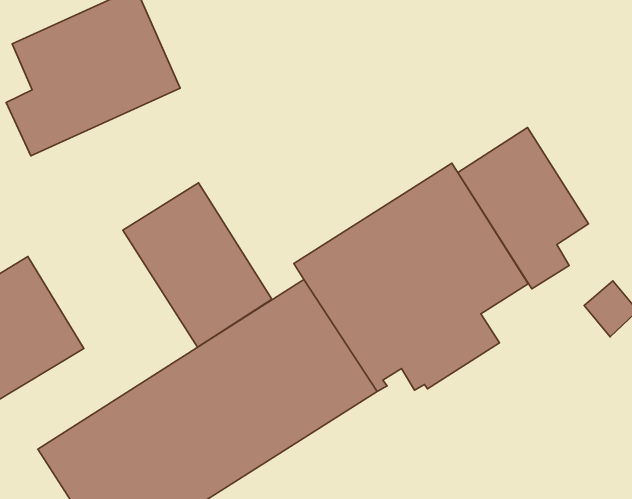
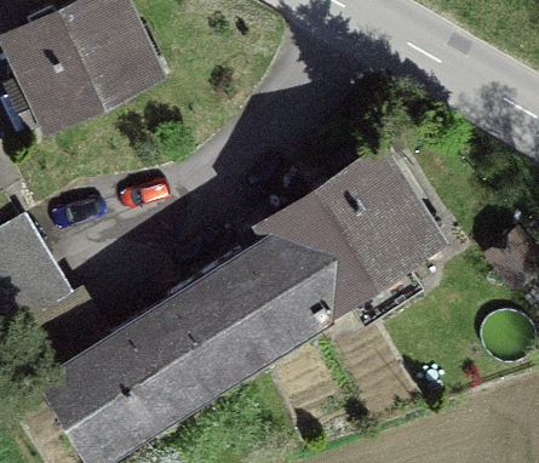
building: [458,127,589,289] -> none
building: [123,183,272,347] -> none

